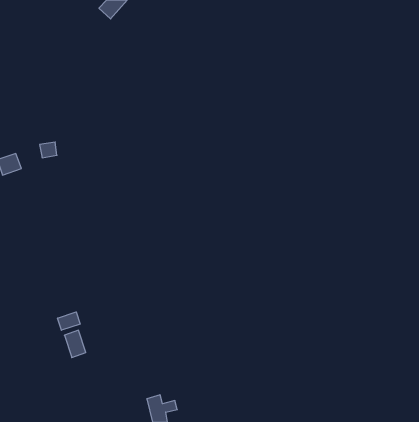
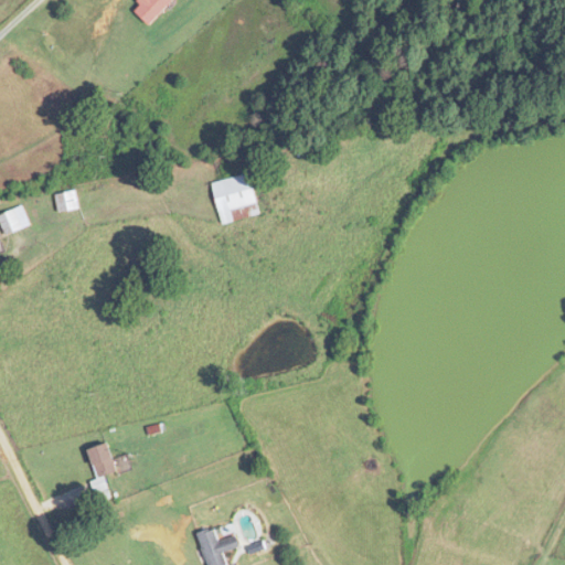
building: none -> [210,172,258,222]
building: [58,312,80,330] -> none

